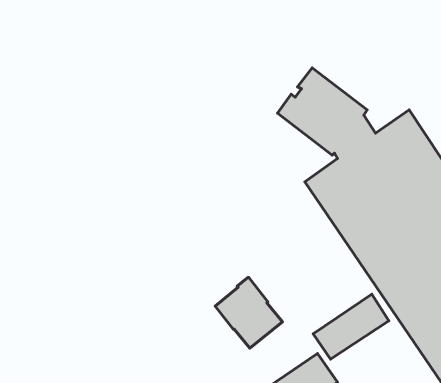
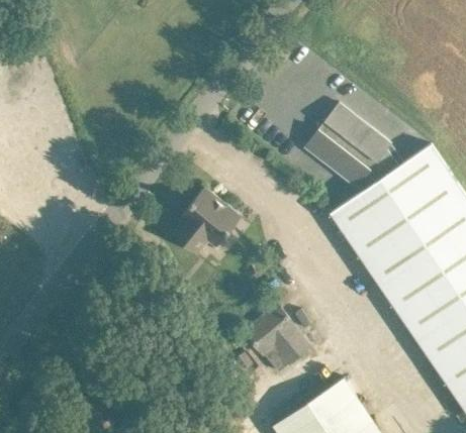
building: none -> [173,189,242,255]
building: [313,294,389,359] -> none

